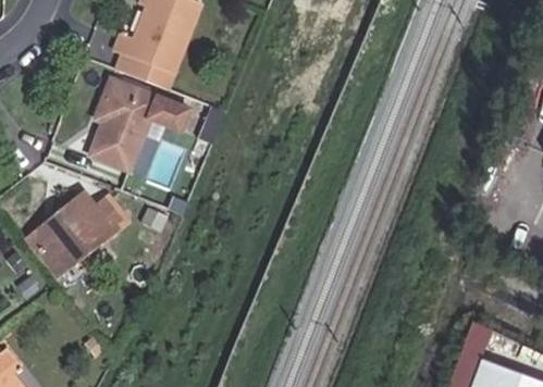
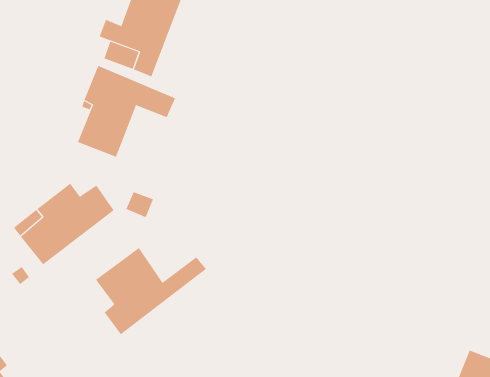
building: none -> [95,247,207,335]

